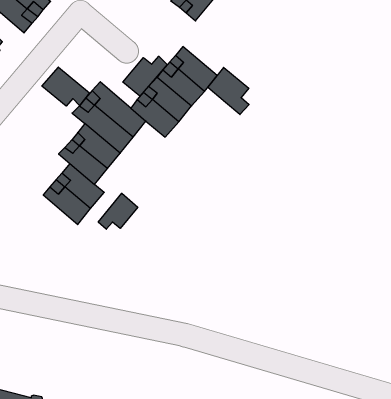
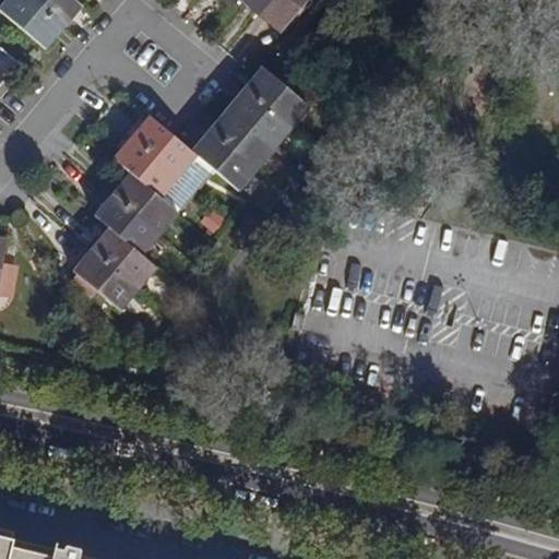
building: [123,56,167,96] -> none
building: [42,67,90,106] -> none
building: [208,67,249,115] -> none
building: [98,193,138,229] -> none

